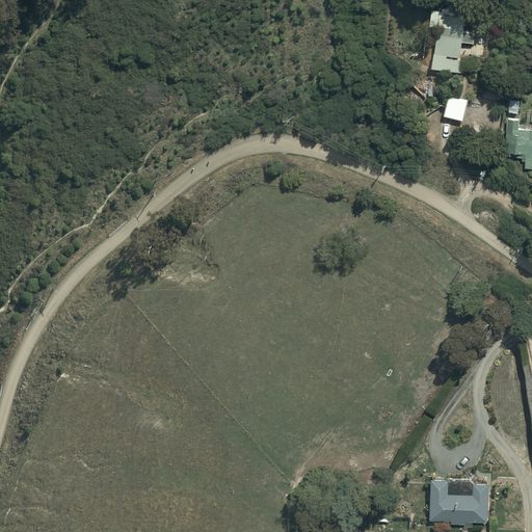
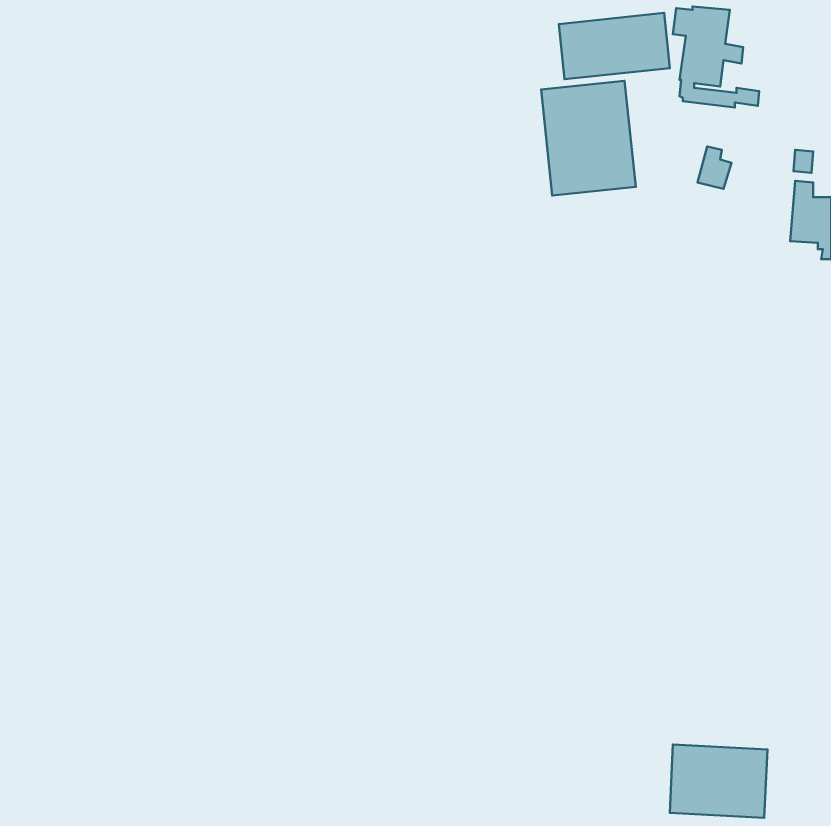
building: none -> [559,13,670,79]
building: none -> [541,81,636,195]

